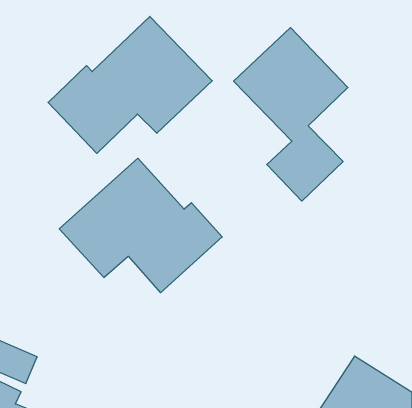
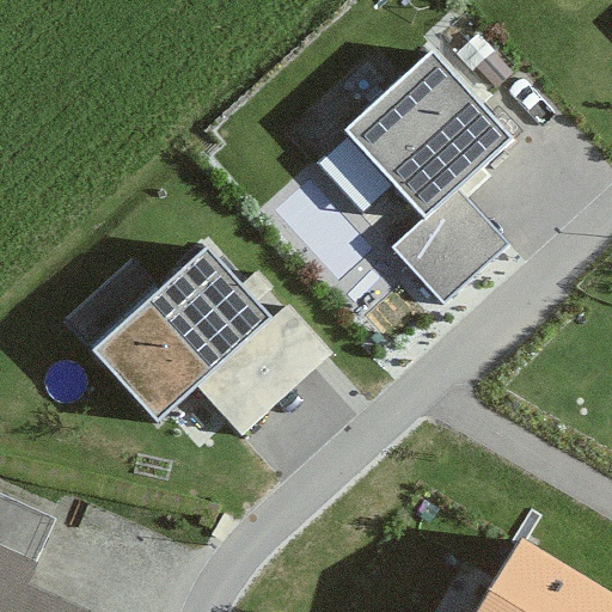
building: [48,16,212,153] -> none

